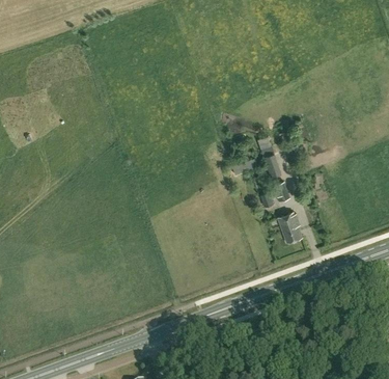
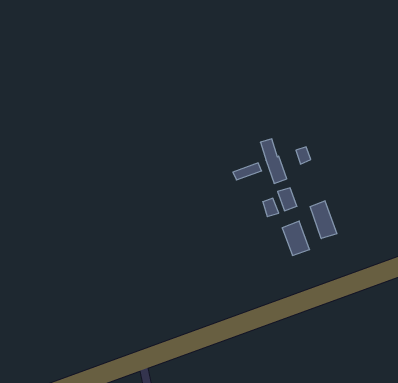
building: none -> [310,201,337,239]

